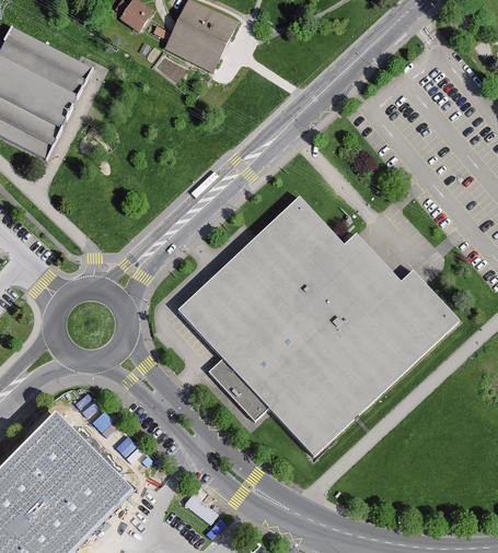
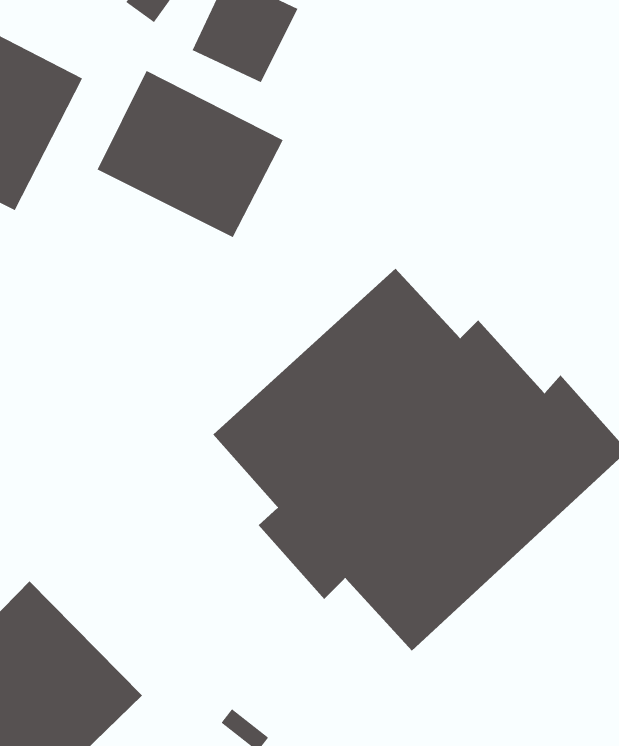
building: none -> [97,70,284,238]

